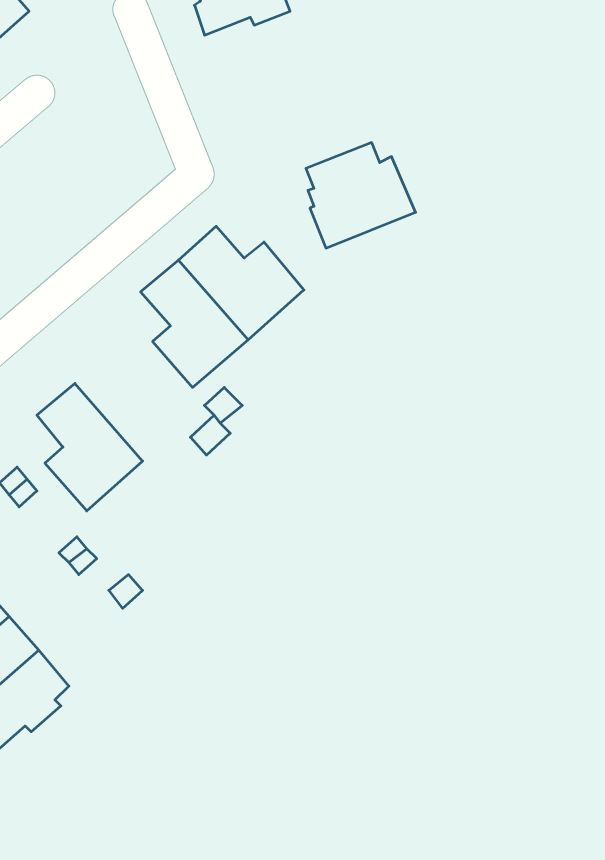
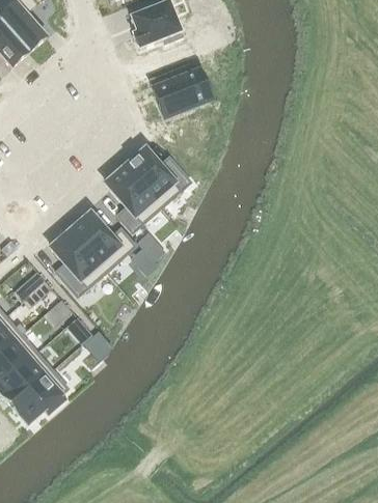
building: [306,143,416,248] -> [153,62,210,117]
building: none -> [70,212,134,270]

